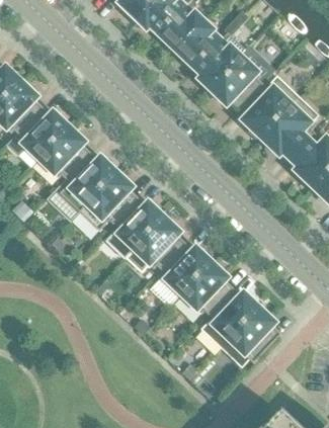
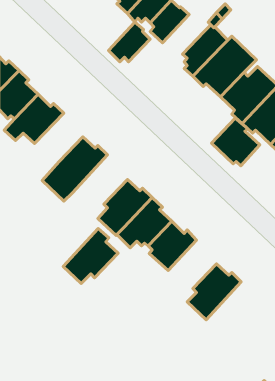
building: [176,22,221,65] -> [108,22,150,62]
building: [39,127,91,179] -> none
building: none -> [212,118,260,166]
building: [80,172,139,231] -> [63,228,118,283]
building: [182,263,234,315] -> none
building: [223,308,282,366] -> none

